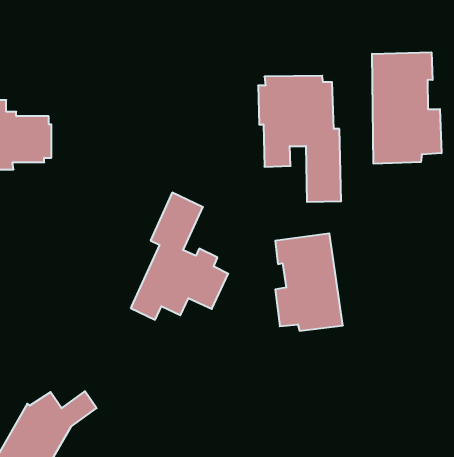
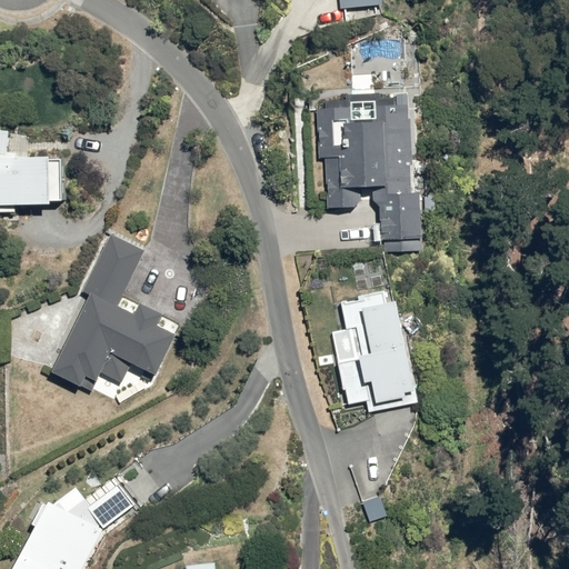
building: [372,52,441,164] -> none
building: [131,193,228,320] -> [52,233,172,390]

